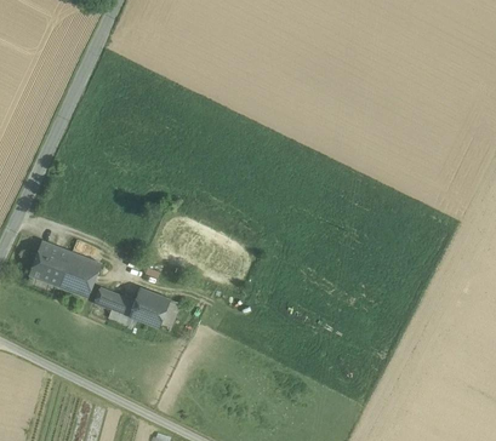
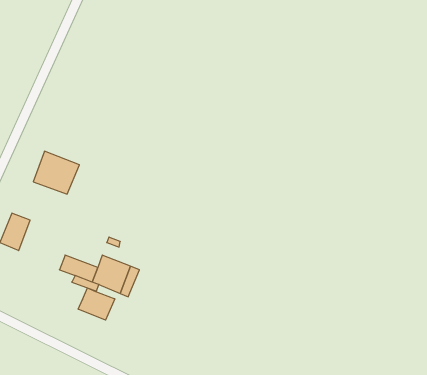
building: [50,250,99,296] -> [33,151,79,194]
building: none -> [78,288,115,320]

